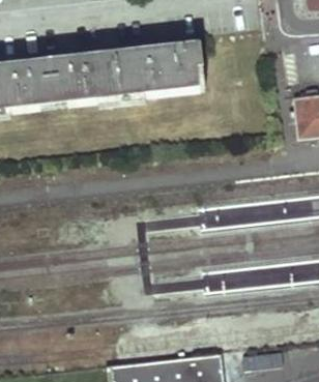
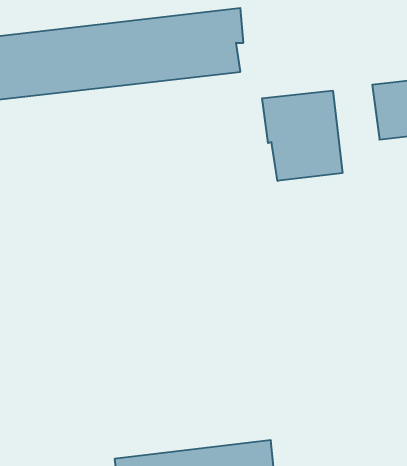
building: none -> [262,91,342,181]

